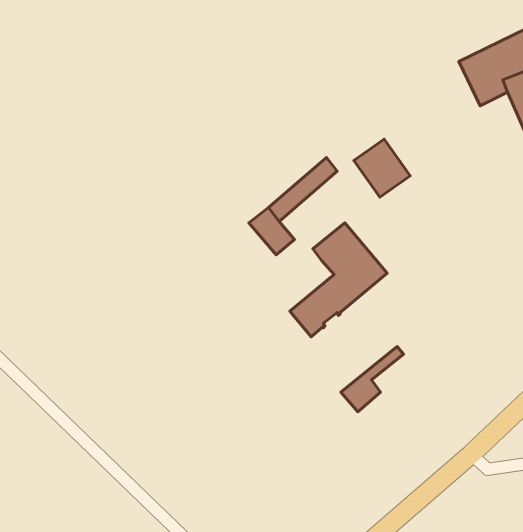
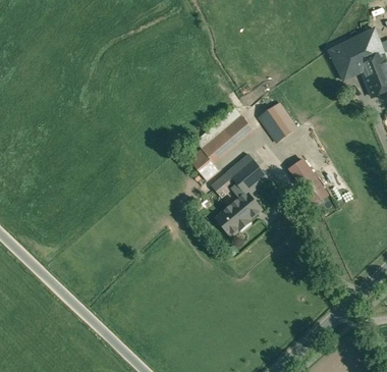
building: none -> [288,159,326,203]
building: [341,347,403,412] -> [210,153,252,197]

